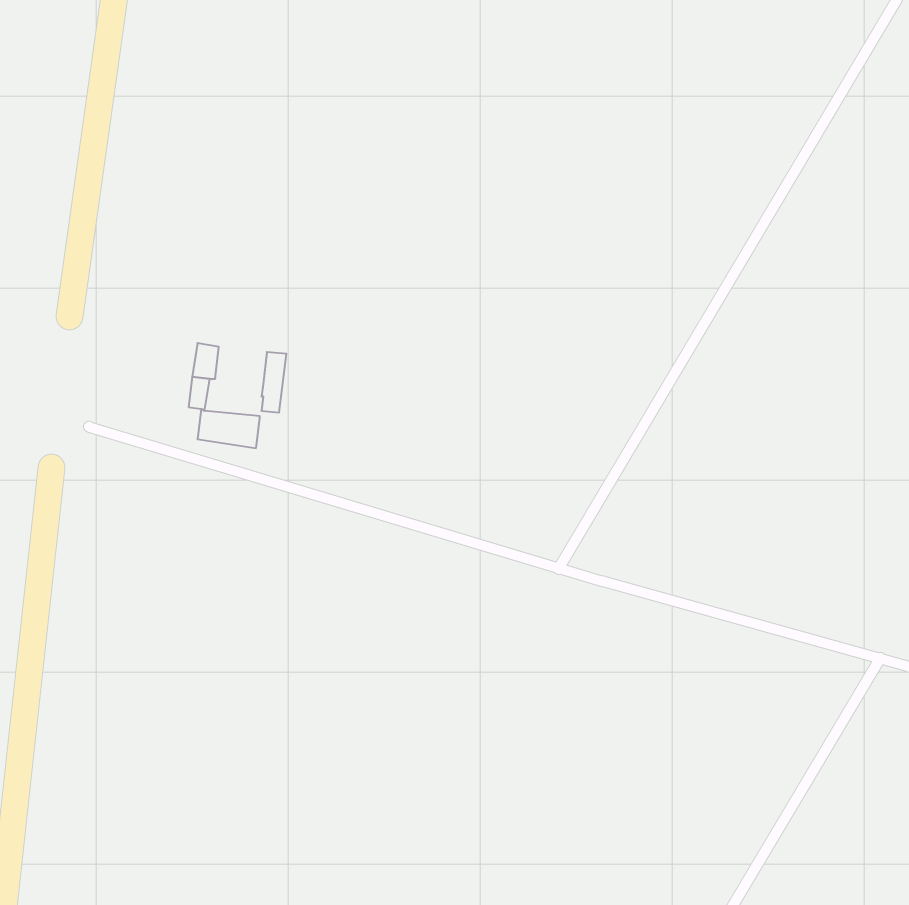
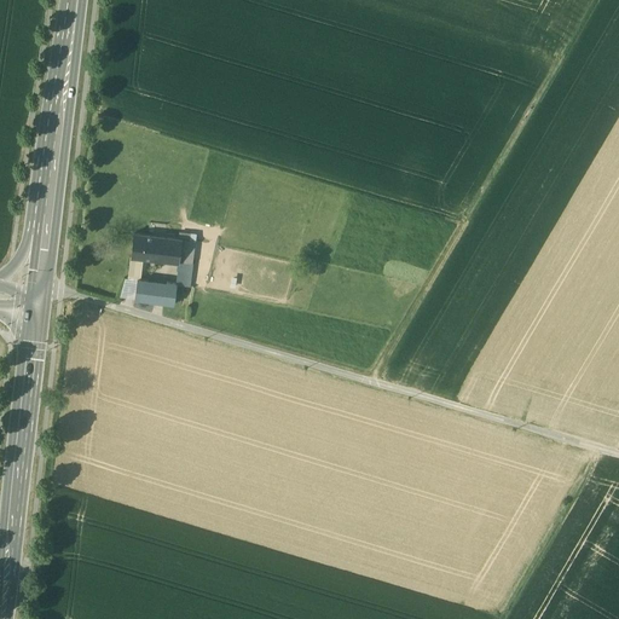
building: none -> [146,238,181,264]

